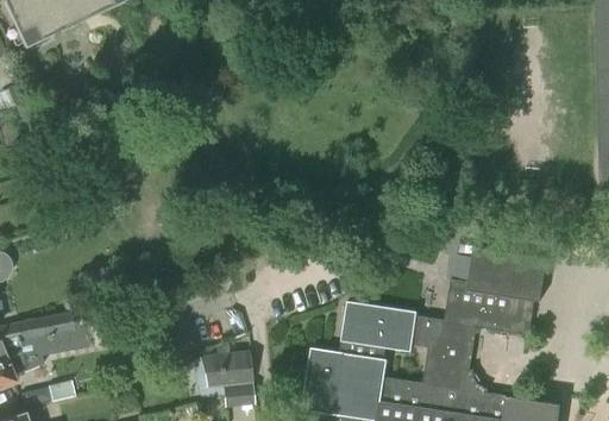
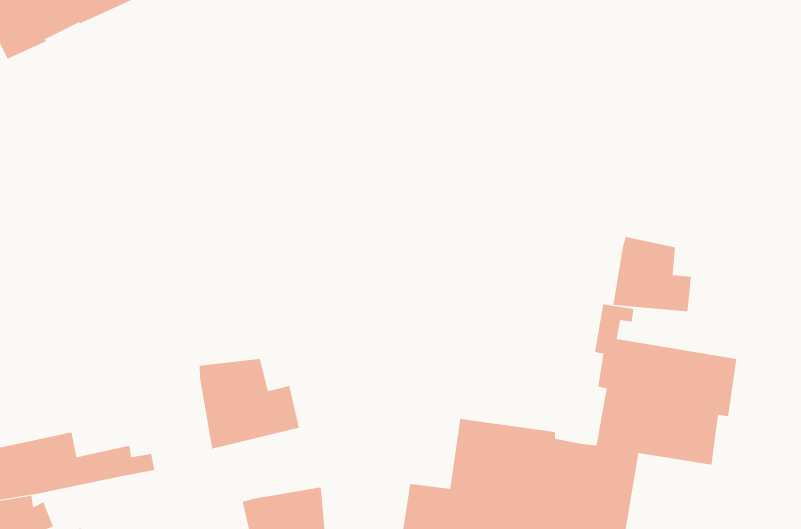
building: none -> [613,236,692,312]
building: none -> [199,358,299,450]

